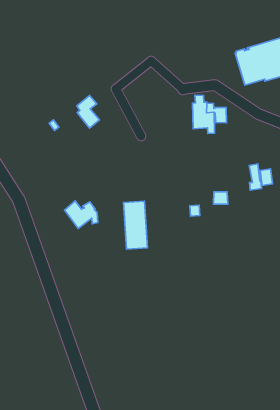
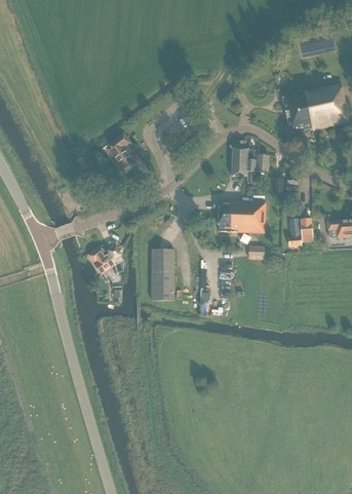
building: none -> [219,201,266,233]

